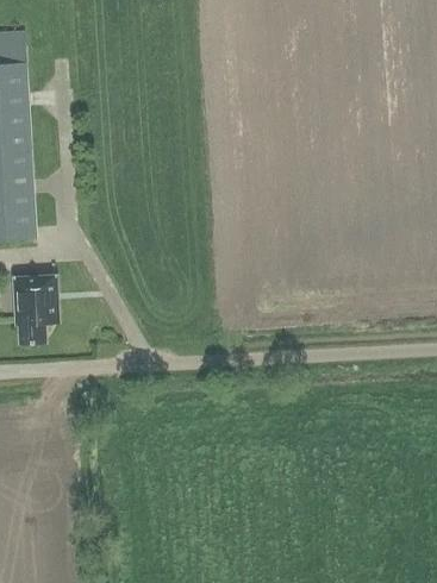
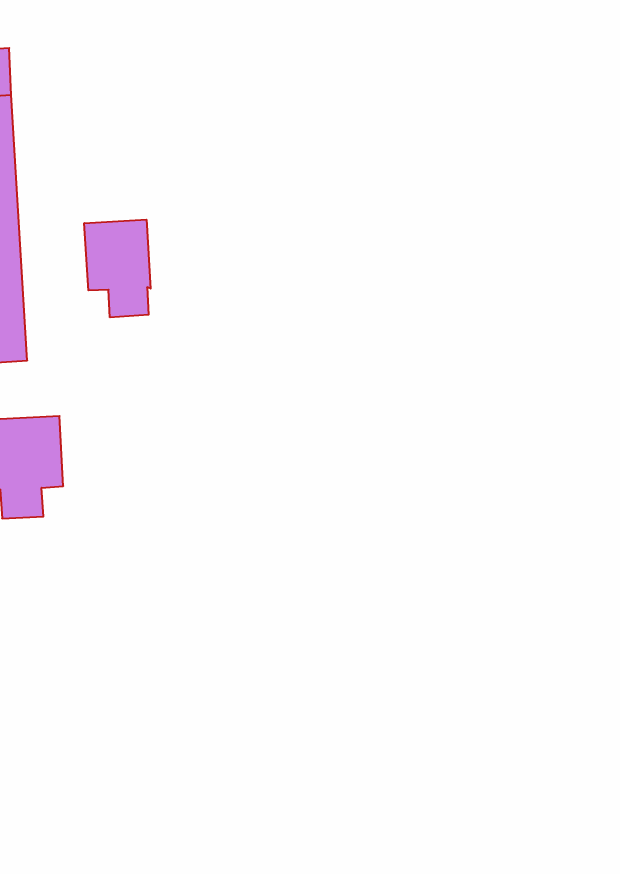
building: none -> [84,220,151,317]

